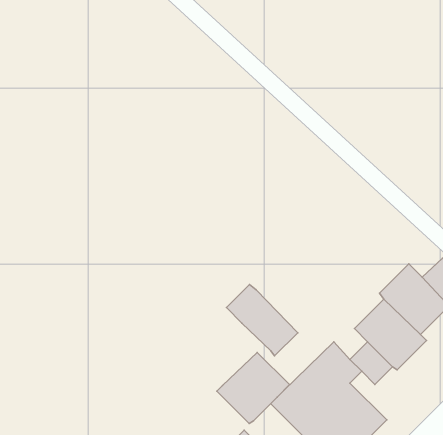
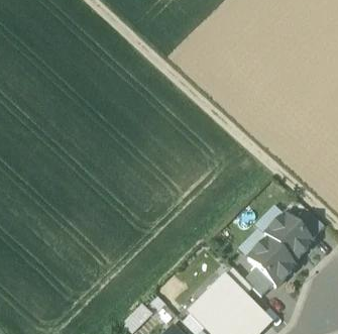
building: [226,285,298,356] -> none
building: [217,352,290,423] -> none

